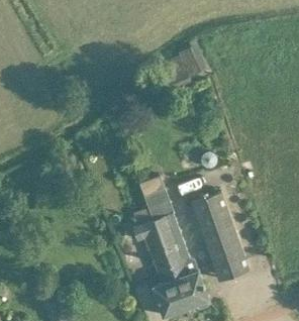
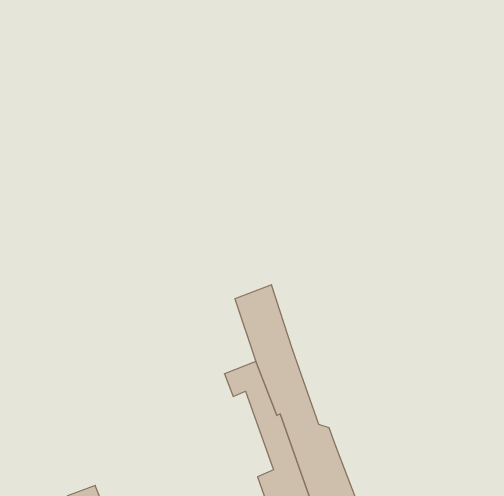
building: [191,192,250,281] -> none

